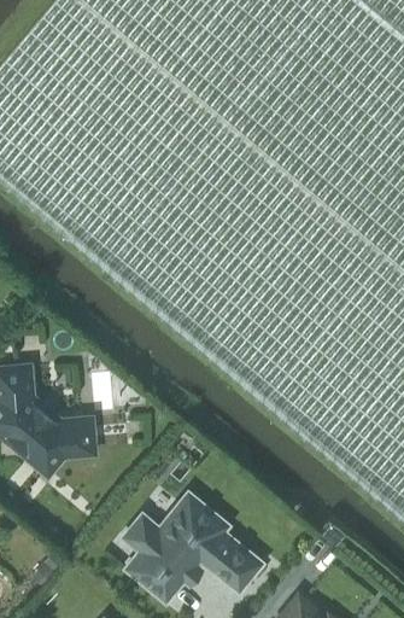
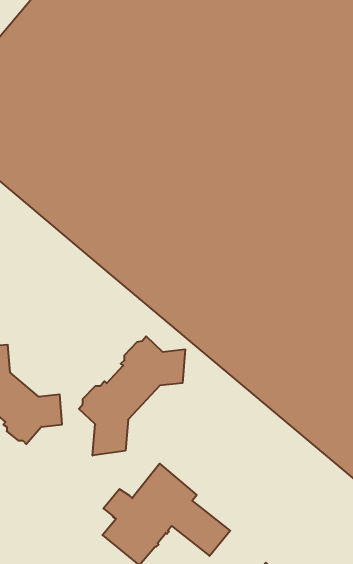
building: none -> [79,336,185,456]

